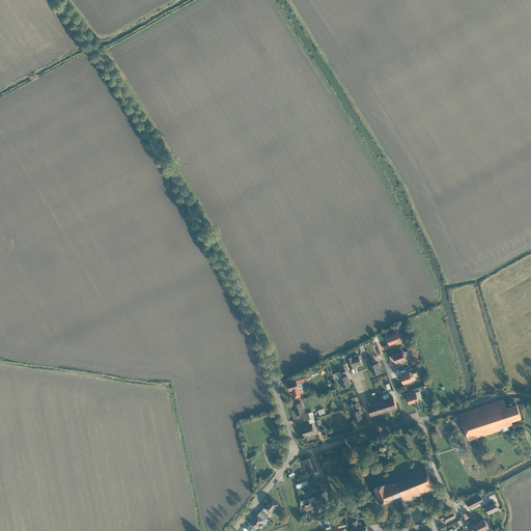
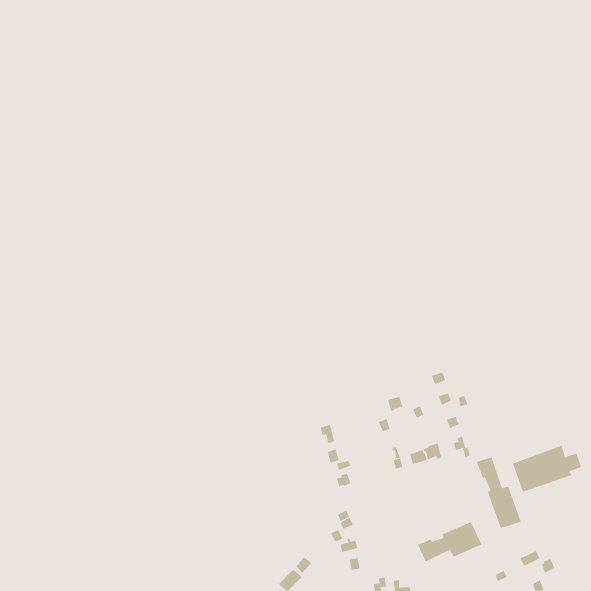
building: none -> [476,457,521,529]

